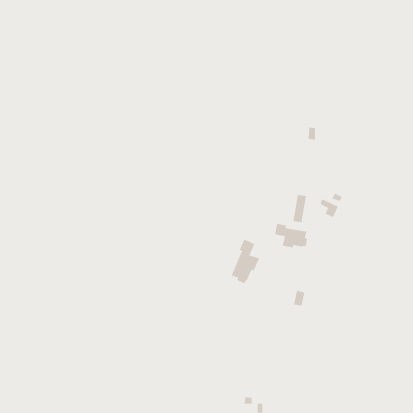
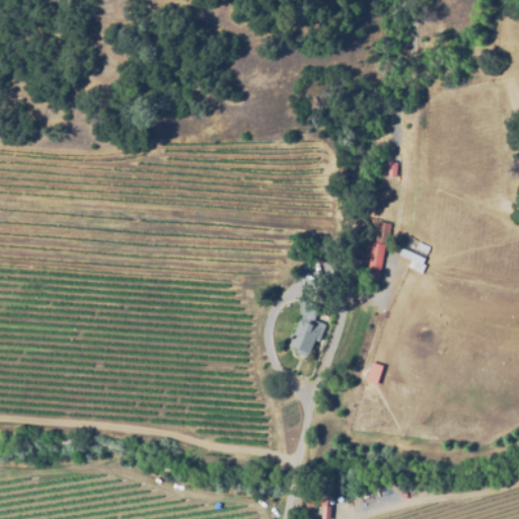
building: [275,223,307,248] -> none

